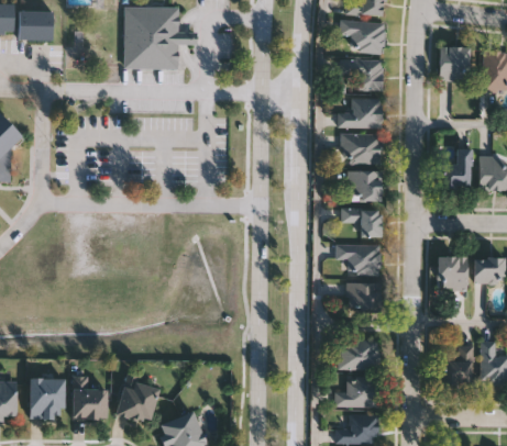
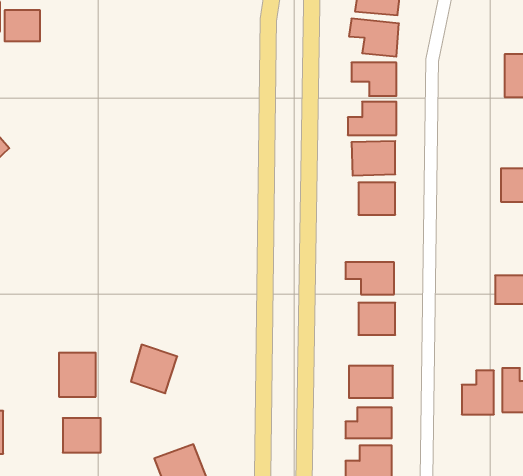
building: [124,7,198,69] -> none
building: [440,46,469,80] -> none
building: [442,147,471,188] -> none
building: [341,208,382,236] -> none
building: [438,255,467,289] -> none
building: [31,379,65,420] -> [59,353,96,397]
building: [118,379,161,424] -> [131,345,177,393]

